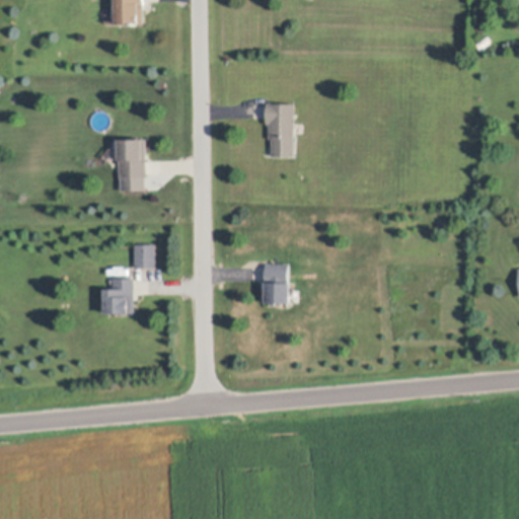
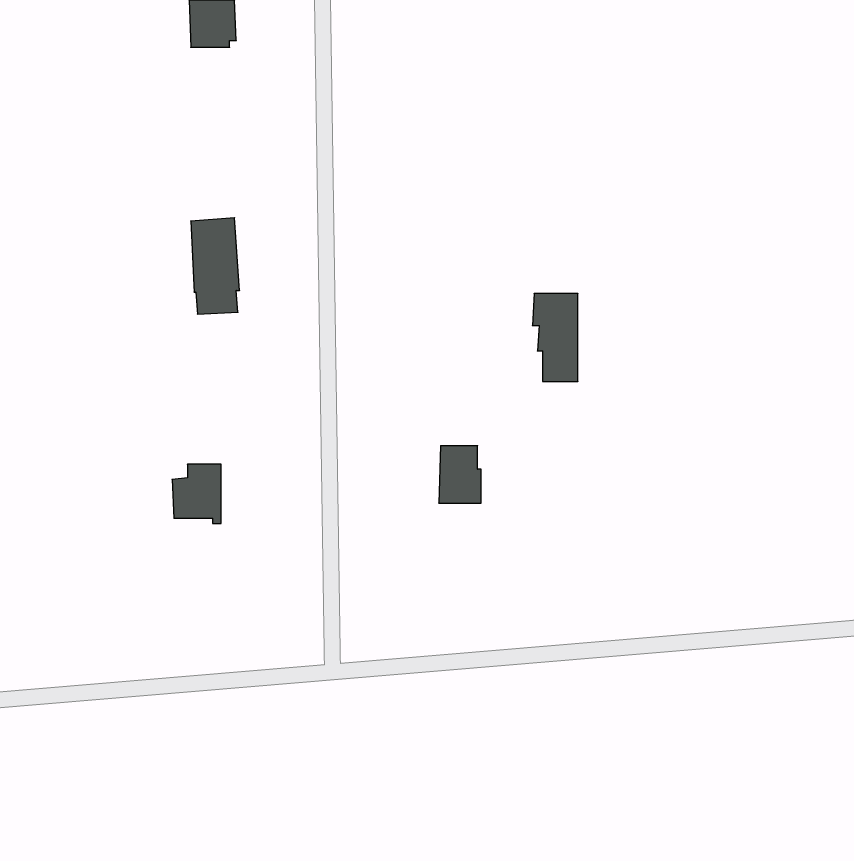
building: [262,103,289,156] -> [532,294,578,381]
building: [133,243,153,267] -> none

